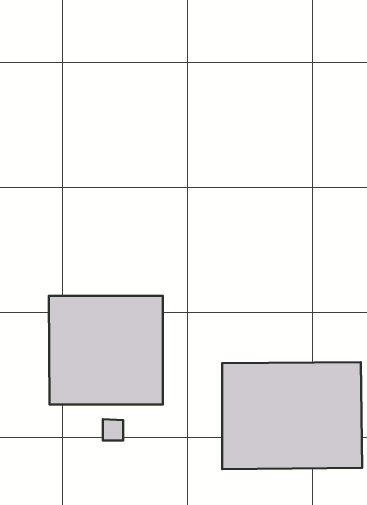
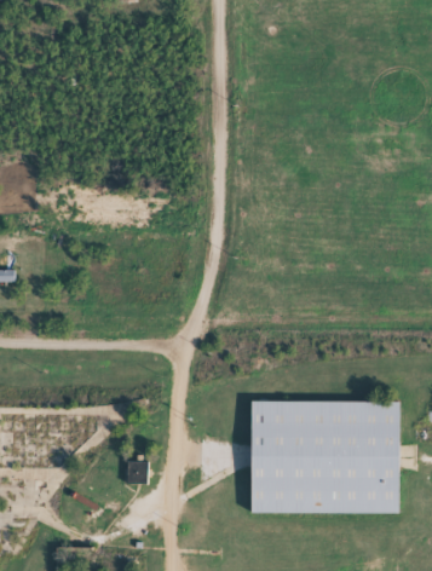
building: [49,296,163,404] -> none

